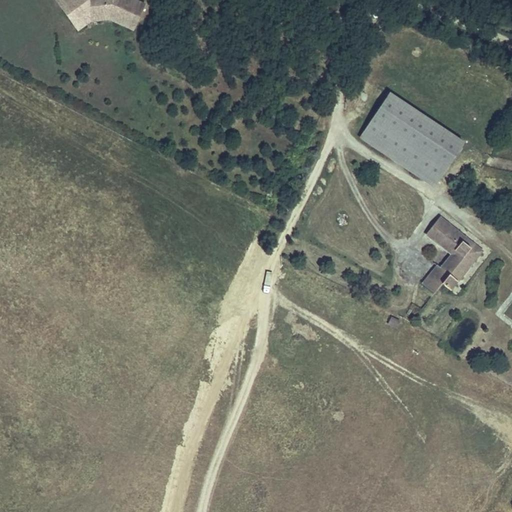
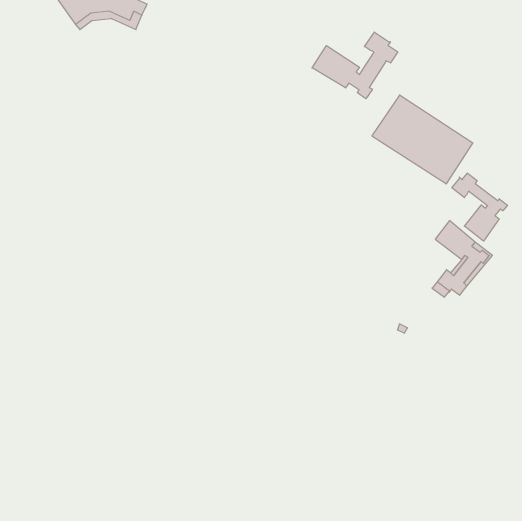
building: none -> [312,32,398,99]
building: none -> [452,173,507,241]

